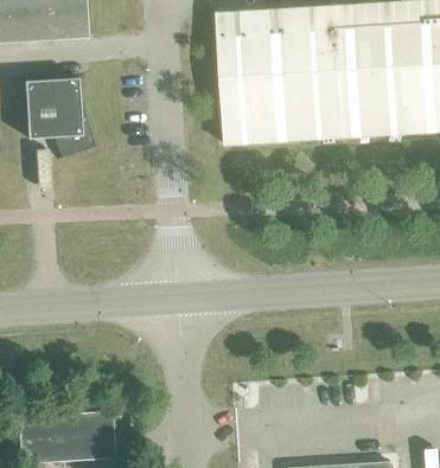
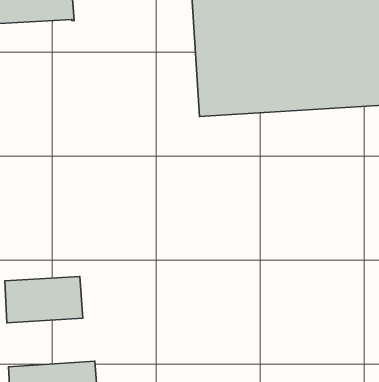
building: [23,78,94,158] -> none
building: none -> [5,276,83,323]

